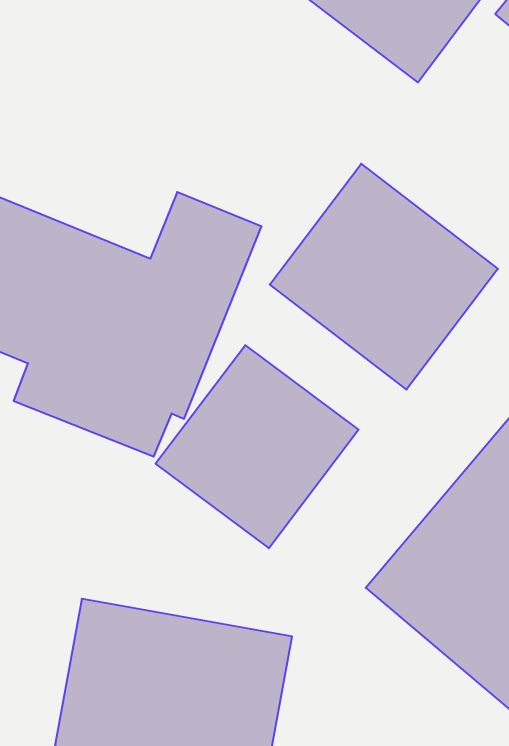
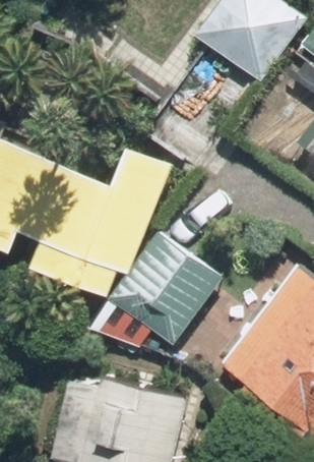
building: [270,164,498,390] -> none

